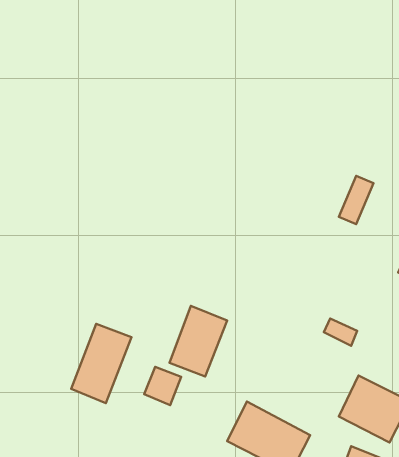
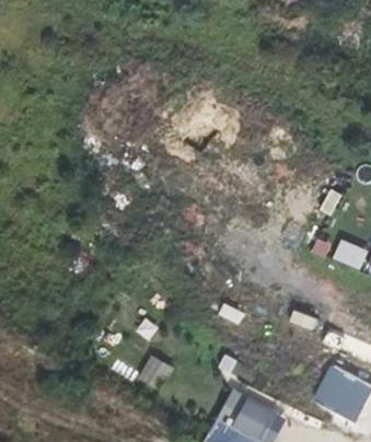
building: [170,306,227,376] -> none
building: [71,324,132,403] -> none

